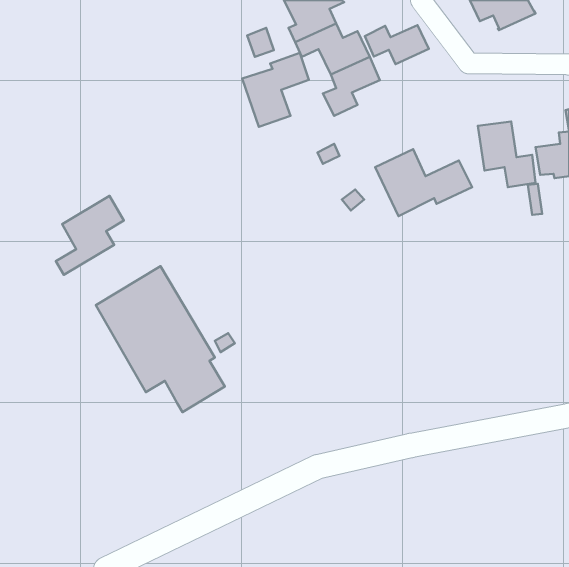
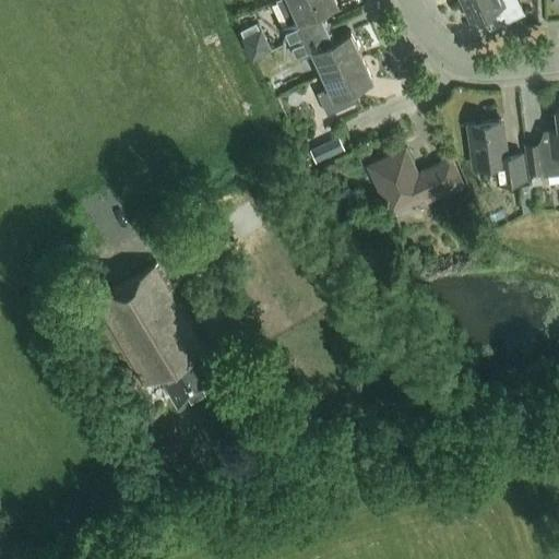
building: [365,25,429,64] -> none
building: [242,53,309,127] -> none
building: [56,196,124,275] -> none

